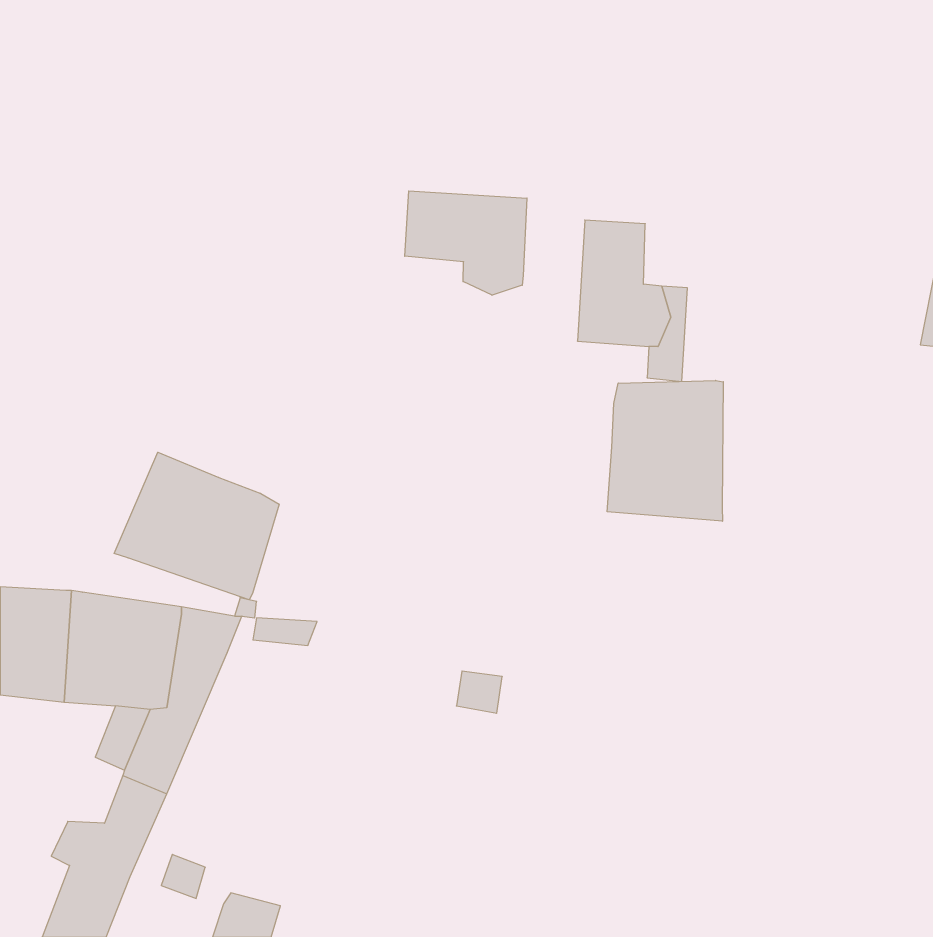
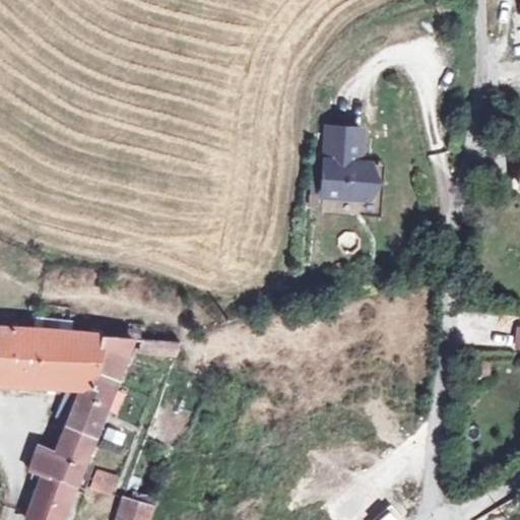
building: [405,191,527,295] -> none
building: [607,380,723,521] -> none
building: [114,452,279,600] -> none

